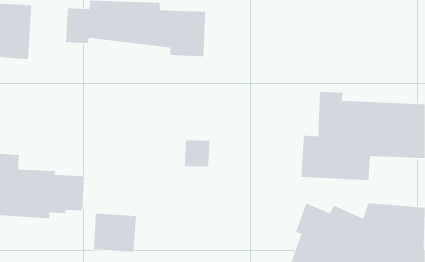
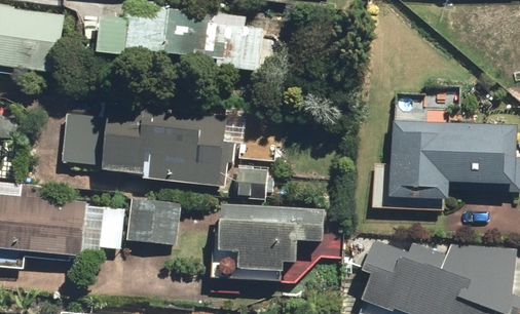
building: none -> [63,102,227,186]
building: none -> [222,203,334,276]
building: [93,213,137,252] -> [128,197,179,242]

